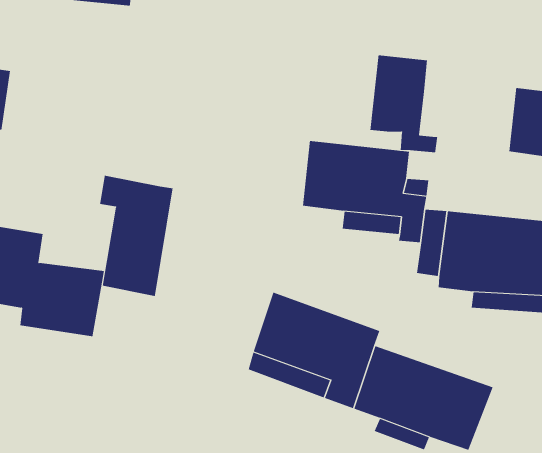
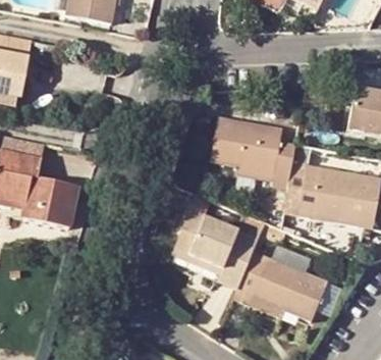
building: [370,54,438,153] -> none
building: [99,175,173,297] -> none

